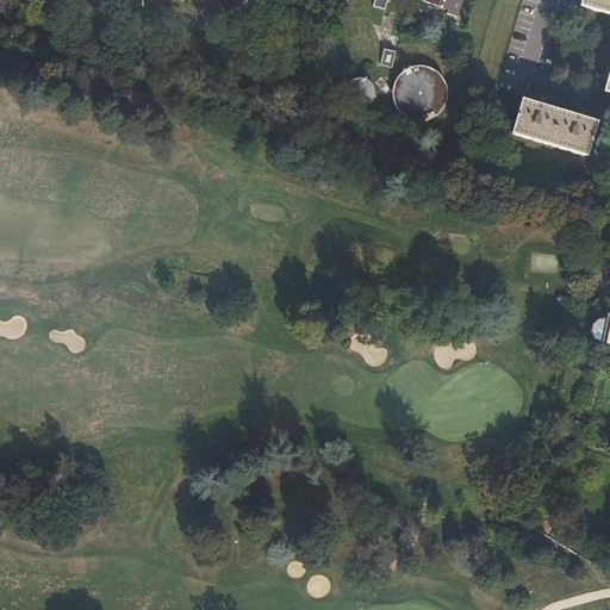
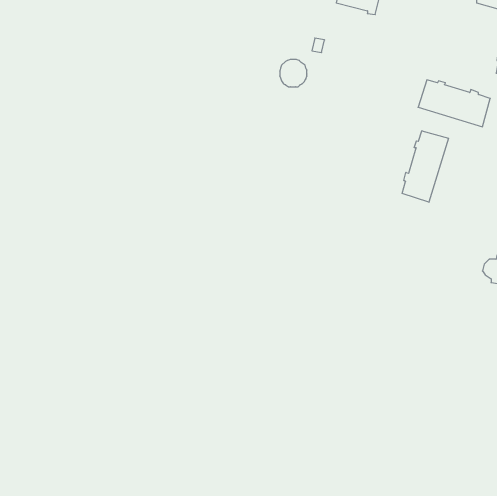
building: [392,63,449,120] -> none
building: none -> [402,131,448,202]

